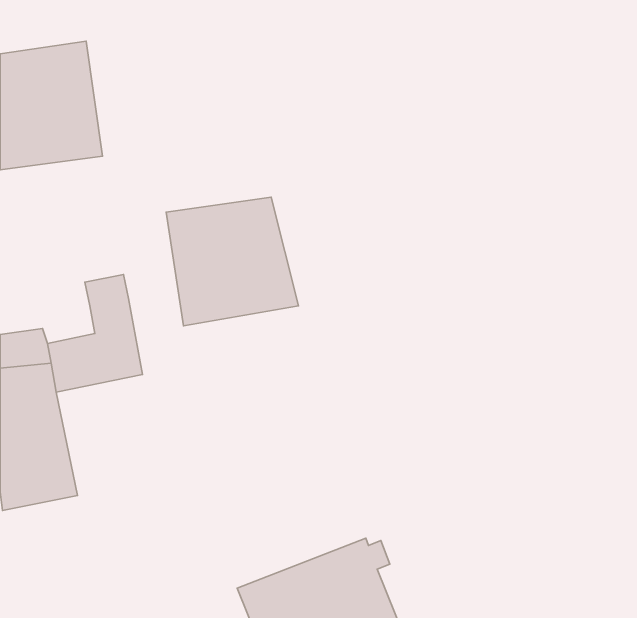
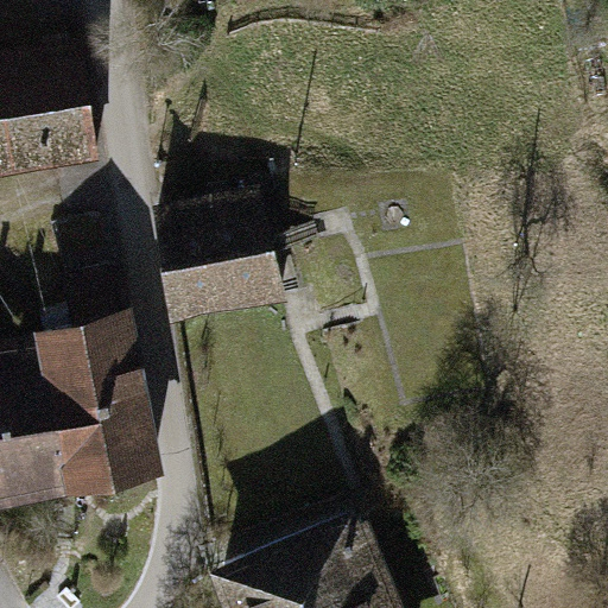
building: none -> [55,375,157,490]

